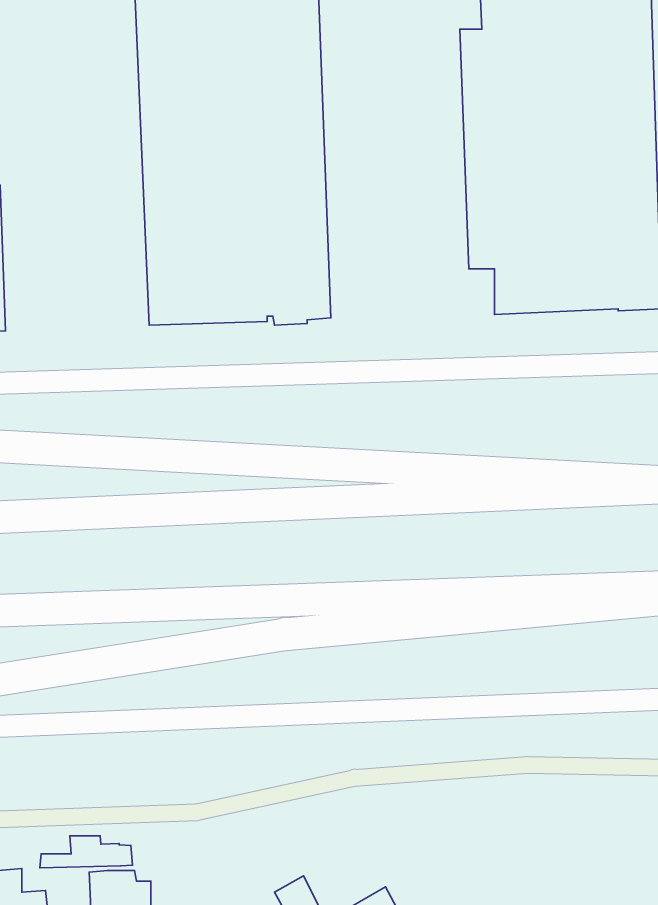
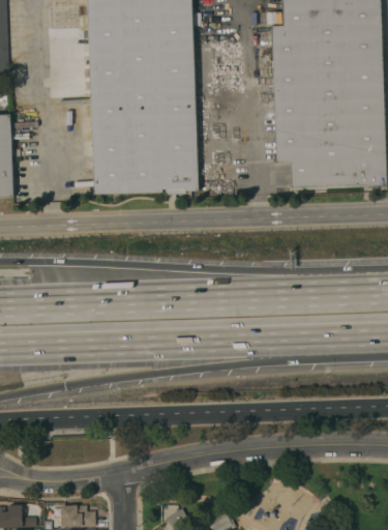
building: [40,836,132,868] -> none

